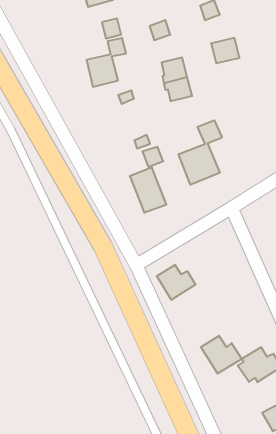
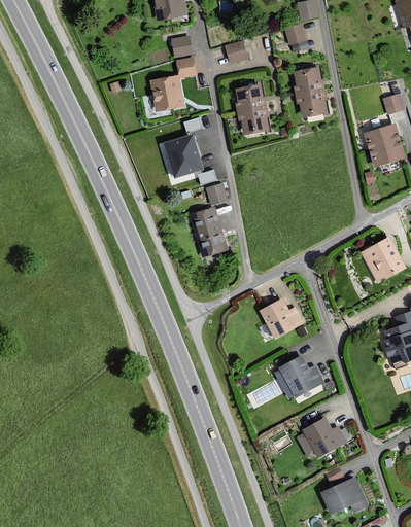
building: none -> [297,90,328,117]
building: none -> [164,135,202,176]
building: [179,120,222,185] -> none
building: [157,265,196,300] -> [259,298,302,338]
building: [201,336,242,373] -> [278,355,323,397]

